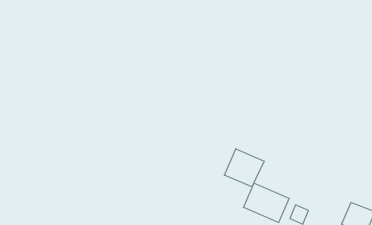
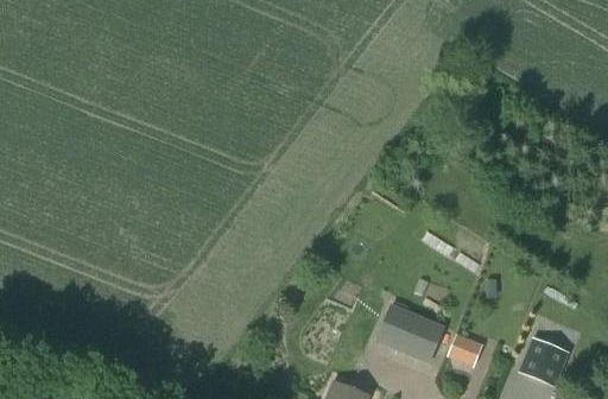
building: [224,149,264,187] -> none

